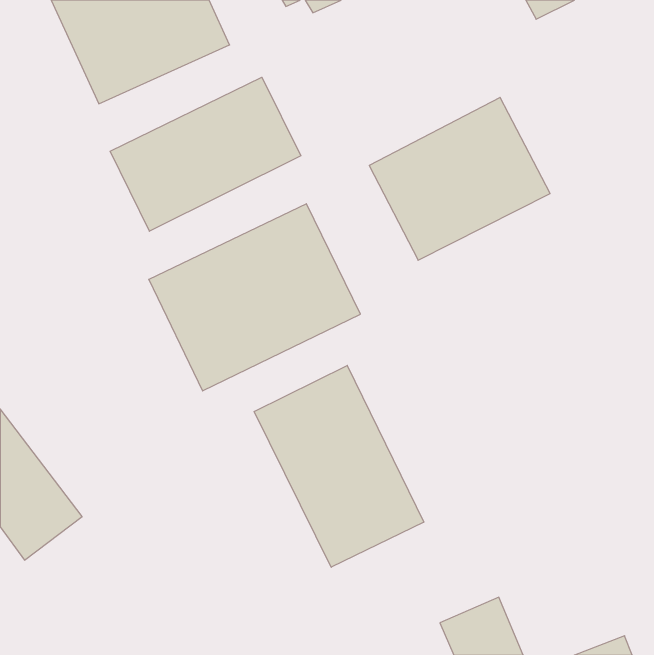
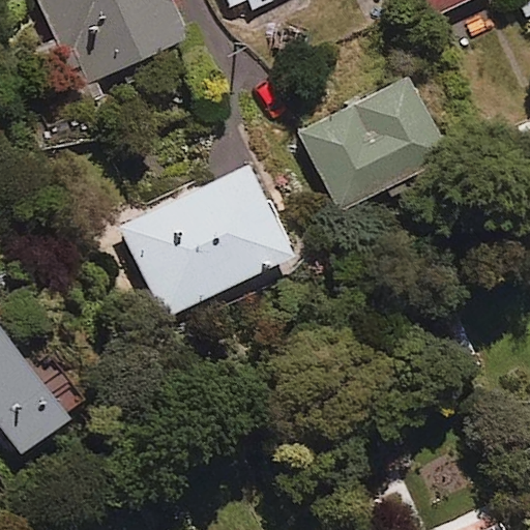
building: [110,77,301,231] -> none
building: [254,365,424,567] -> none

